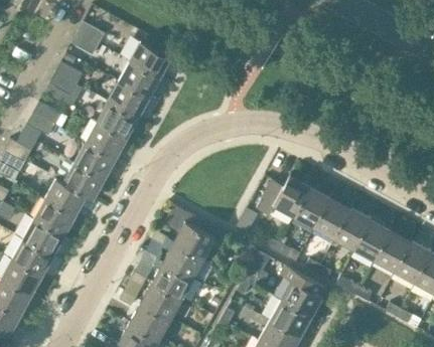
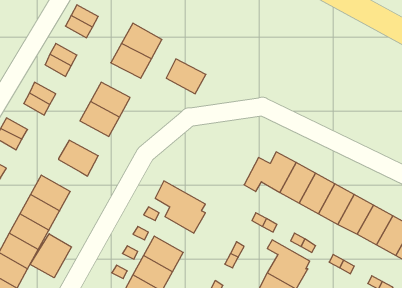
building: [107,83,148,120] -> [166,59,206,94]
building: [74,144,115,180] -> none
building: [44,180,86,217] -> none
building: [162,243,203,281] -> none
building: none -> [30,234,72,278]

